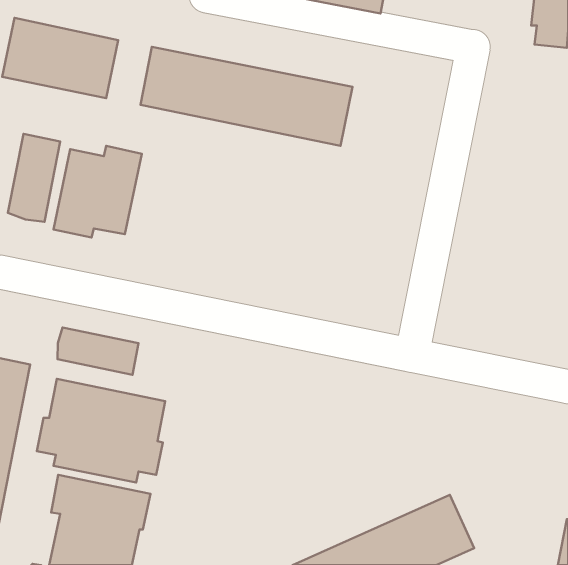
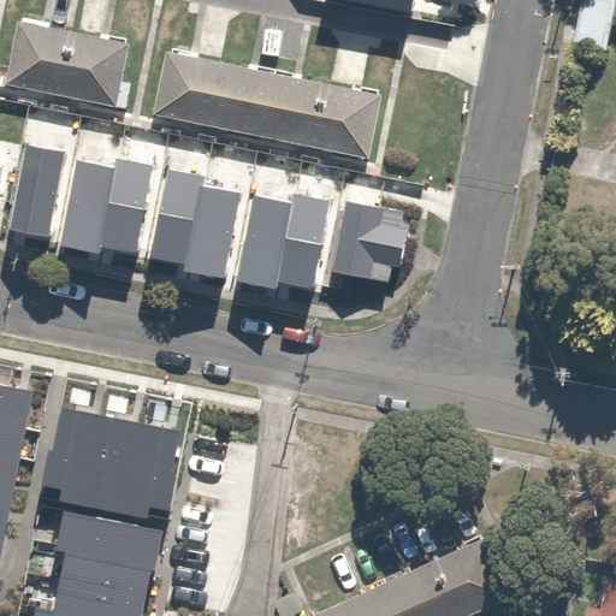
building: none -> [149,170,239,280]
building: none -> [235,194,330,291]
building: none -> [331,200,407,282]
building: [58,327,139,375] -> none

